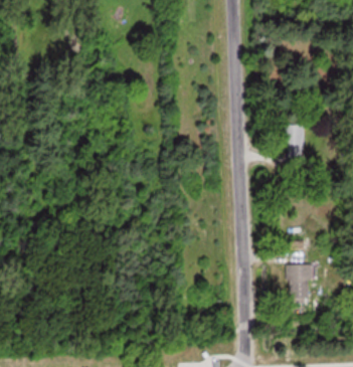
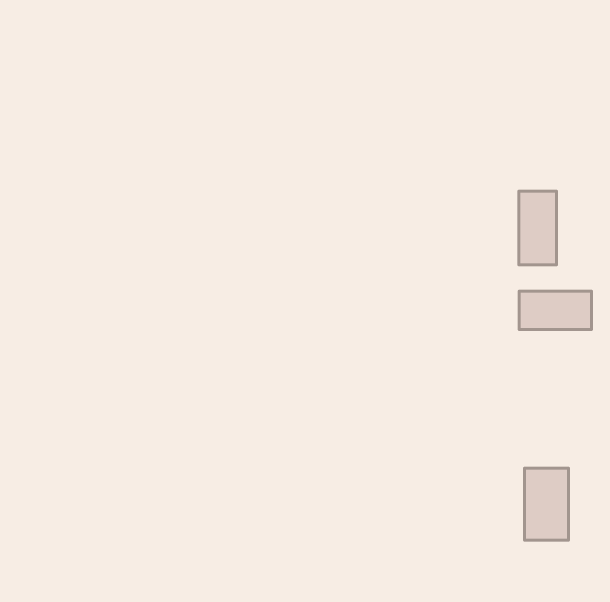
building: none -> [519,291,591,330]

